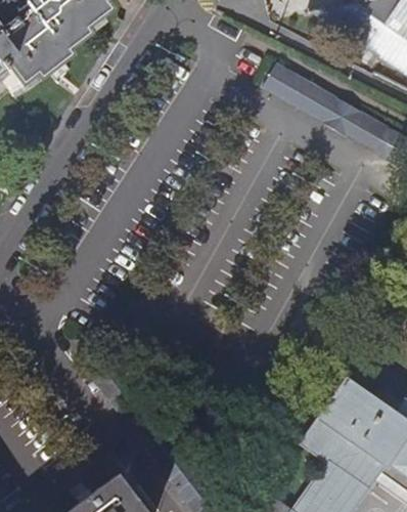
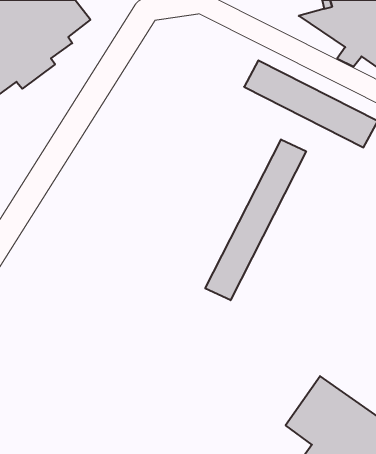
building: none -> [205,139,306,300]

